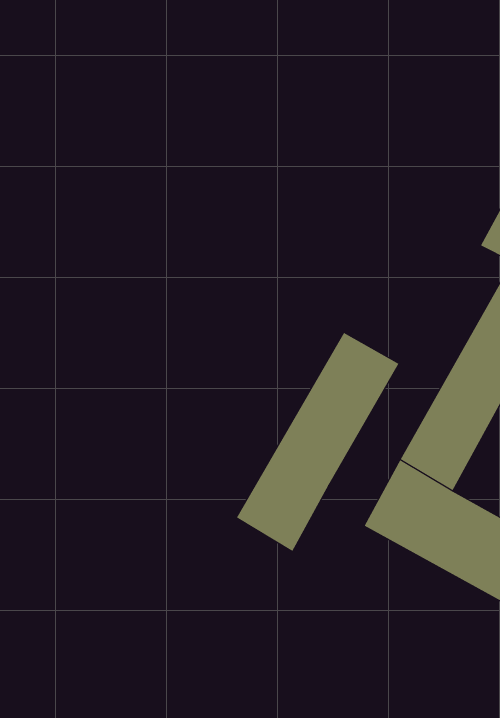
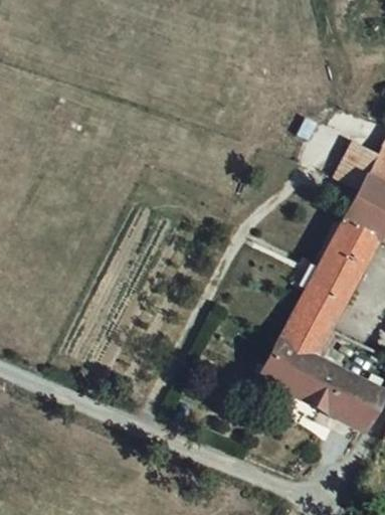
building: [236,332,399,552] -> none

